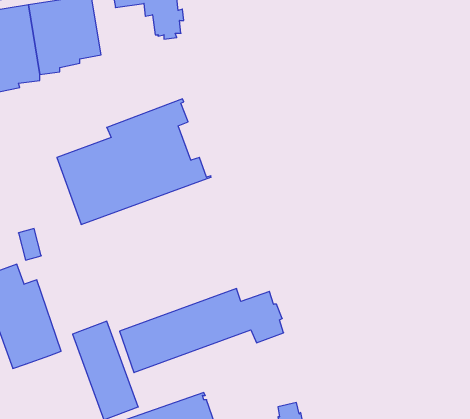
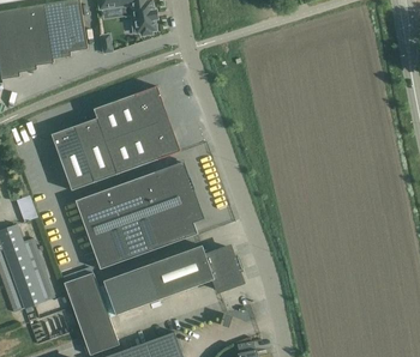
building: none -> [76,161,205,268]

